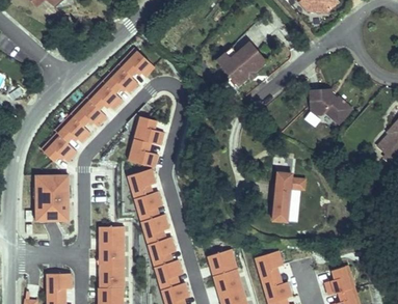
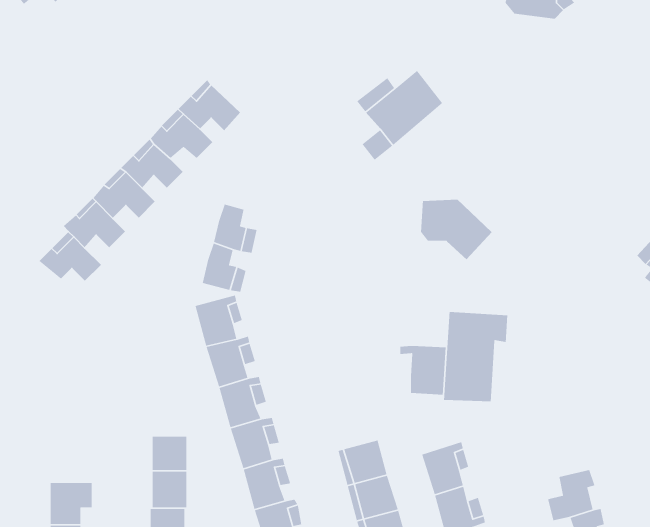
building: [310,91,350,126] -> [420,199,493,260]
building: [36,174,70,219] -> none
building: none -> [399,345,447,396]
building: [105,225,125,246] -> none

